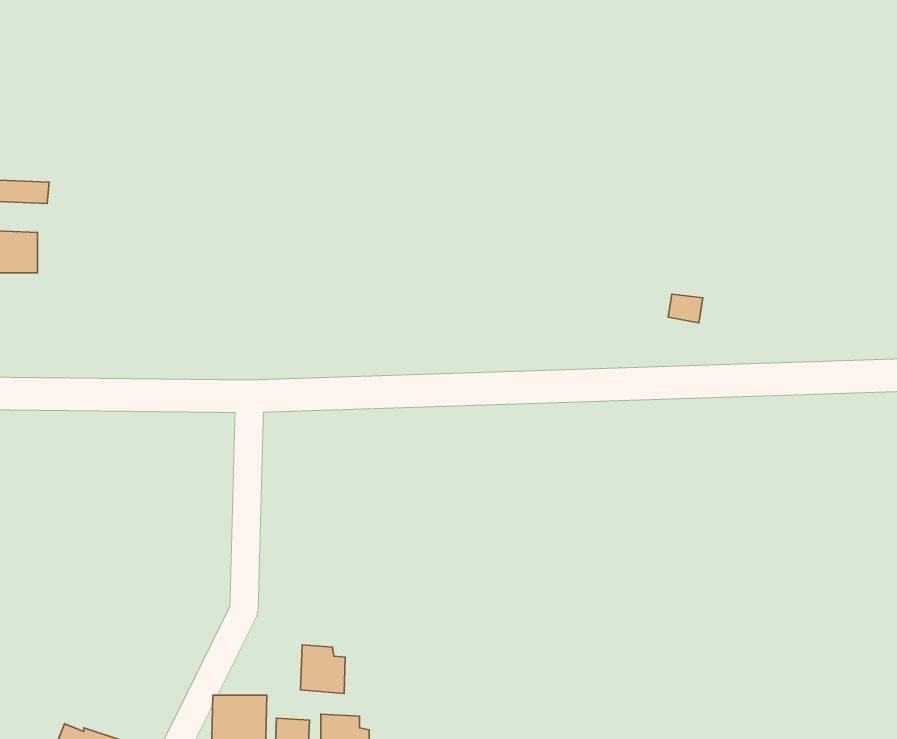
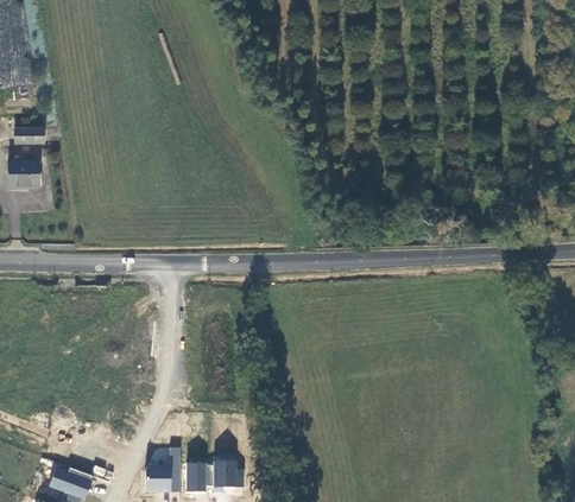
building: [300,645,345,693] -> none

